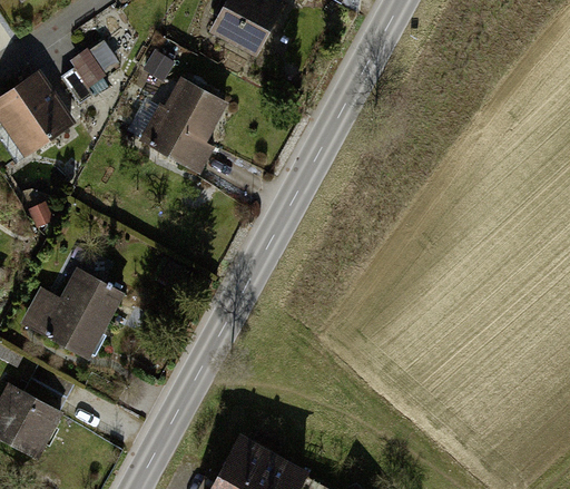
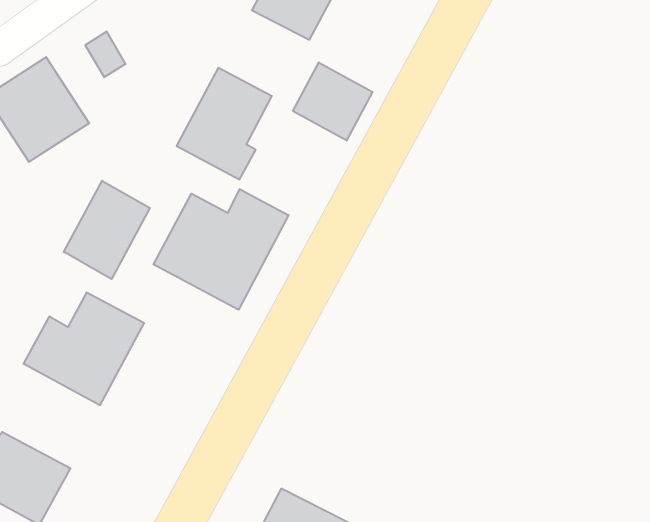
building: none -> [293,62,372,141]
building: none -> [64,181,150,279]
building: none -> [154,189,289,310]

